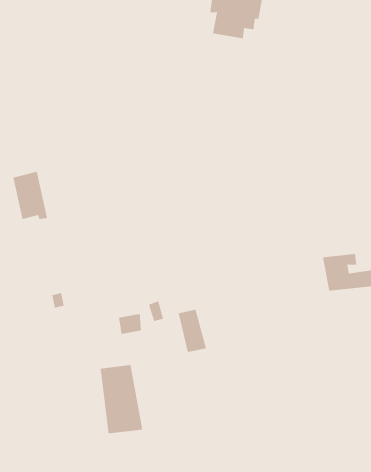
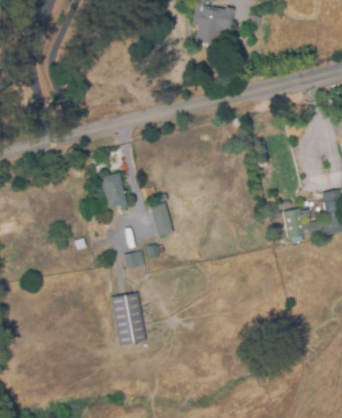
building: [13,171,48,219] -> [104,170,131,207]
building: [178,309,207,352] -> [149,203,171,236]

